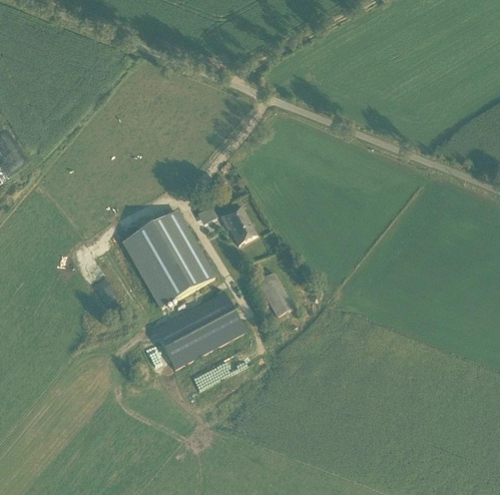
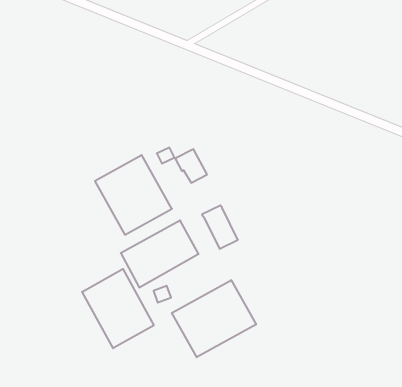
building: none -> [82,269,154,348]
building: none -> [172,280,256,357]

